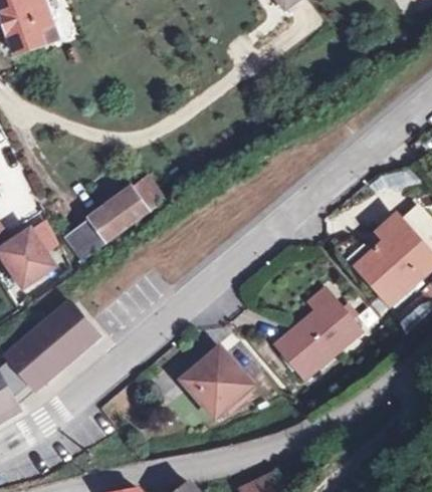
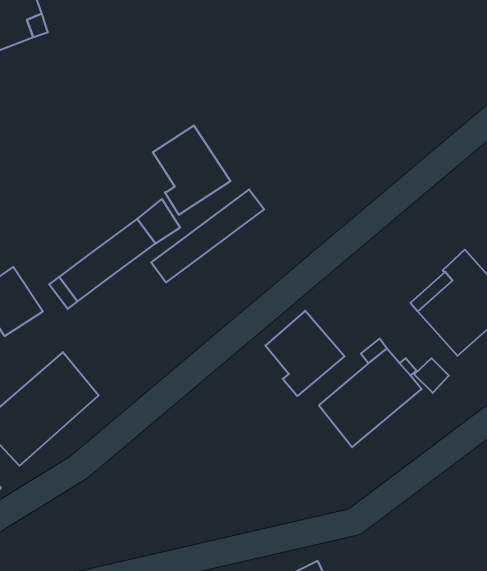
building: none -> [153,125,230,215]
building: none -> [151,189,264,282]
building: [188,347,252,417] -> [265,311,345,396]

